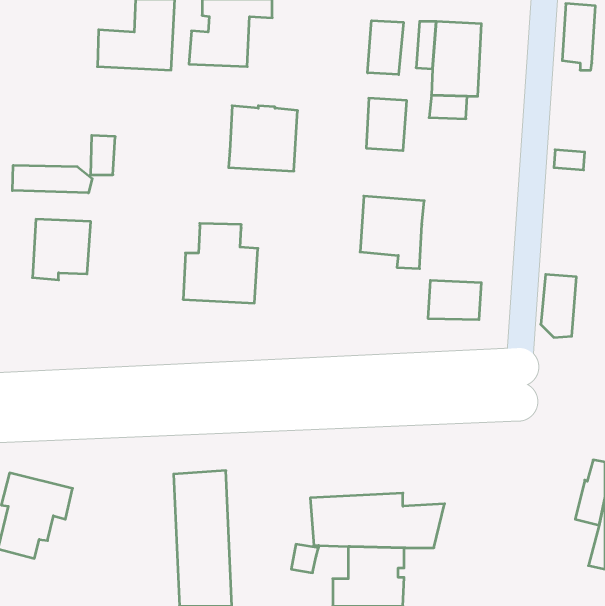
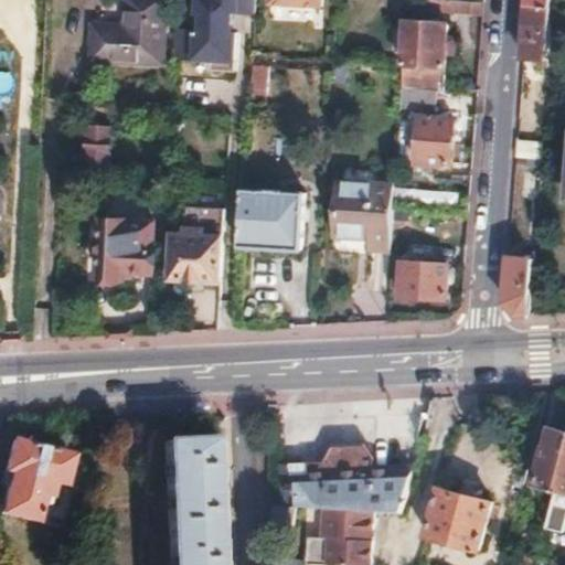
building: [368,21,403,75] -> none
building: [366,98,407,151] -> [416,116,454,164]
building: [229,106,298,171] -> [238,189,302,249]
building: [12,165,92,193] -> none
building: [32,219,91,280] -> [98,221,152,277]
building: none -> [418,486,493,550]

